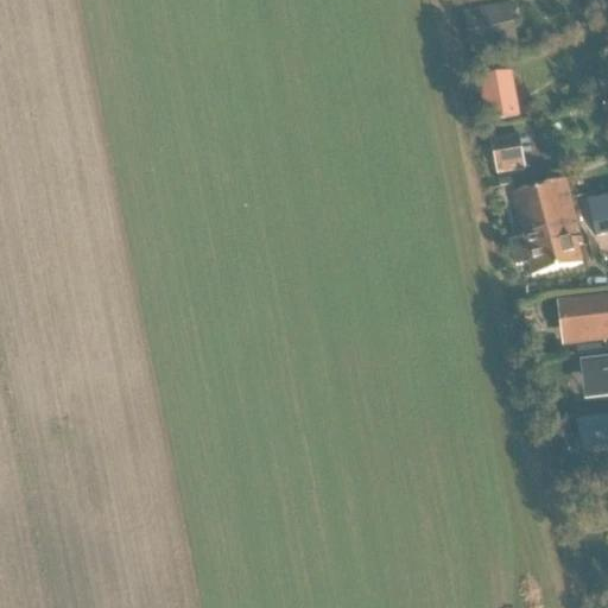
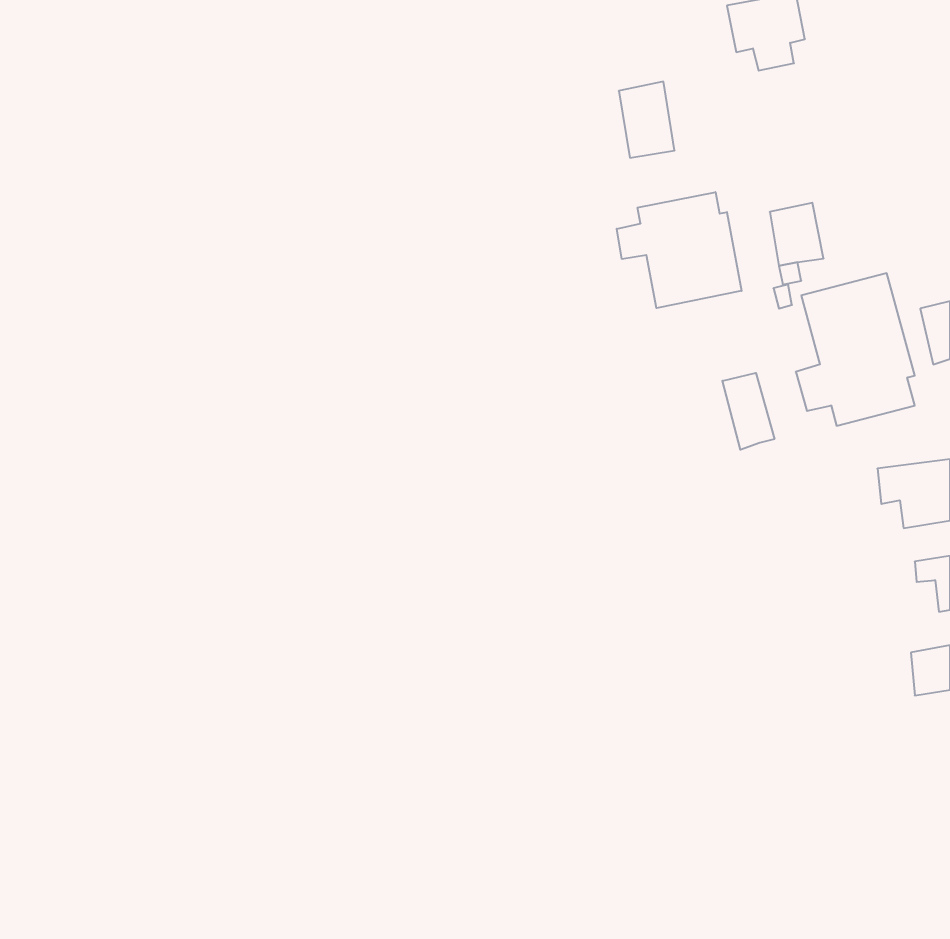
building: [480,69,515,118] -> [619,82,675,158]
building: none -> [617,192,742,308]
building: none -> [722,373,774,450]

